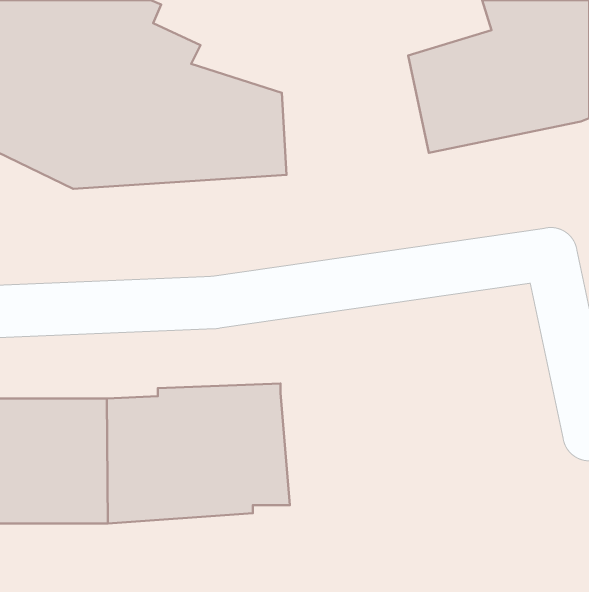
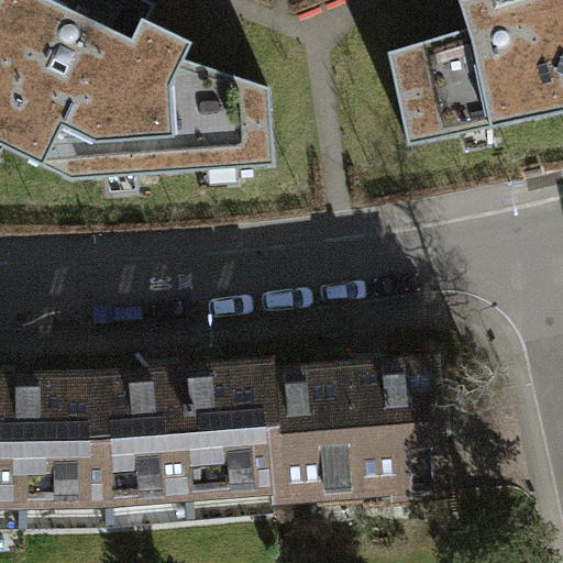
building: none -> [266,360,443,492]

